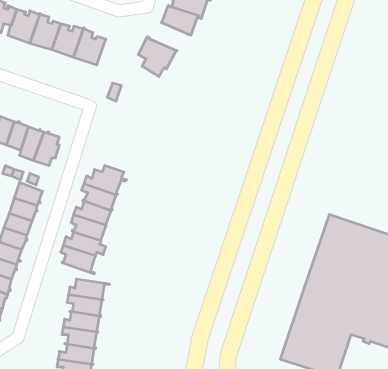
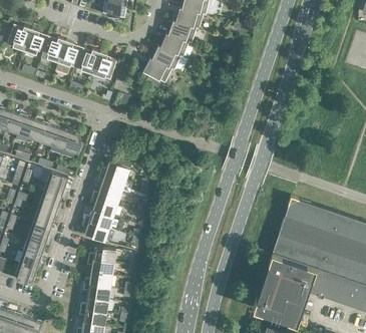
building: none -> [150,46,180,71]

